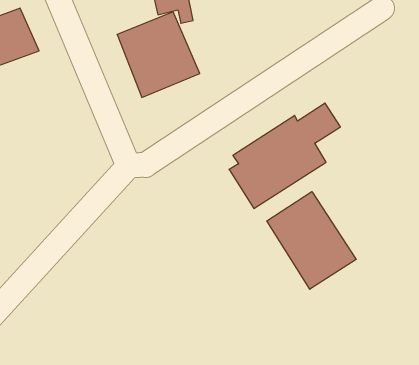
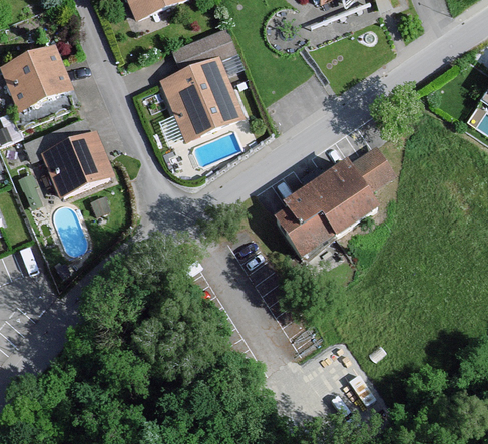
building: none -> [38,131,116,199]
building: [267,192,356,289] -> none

